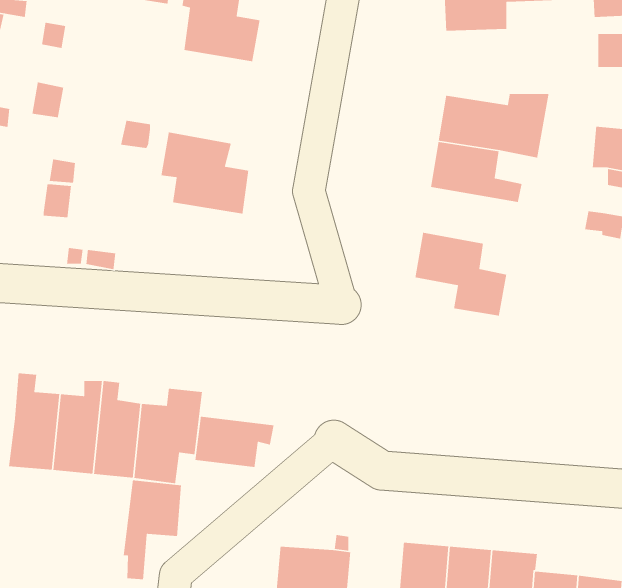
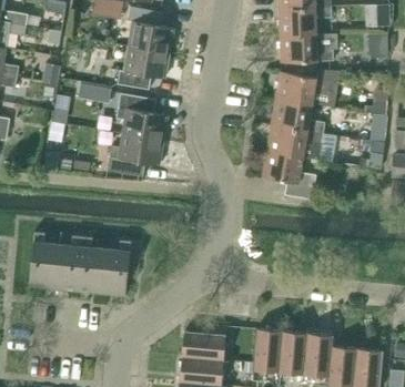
building: none -> [280,33,336,63]
building: none -> [117,47,169,90]
building: none -> [266,125,322,160]
building: none -> [105,134,163,182]
building: [194,416,274,468] -> none
building: [123,480,182,580] -> none

